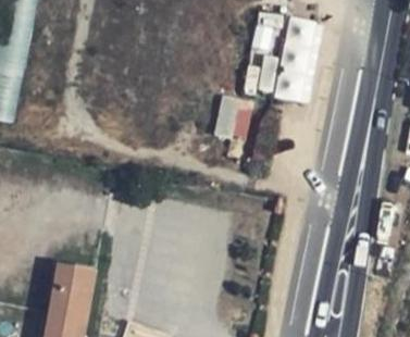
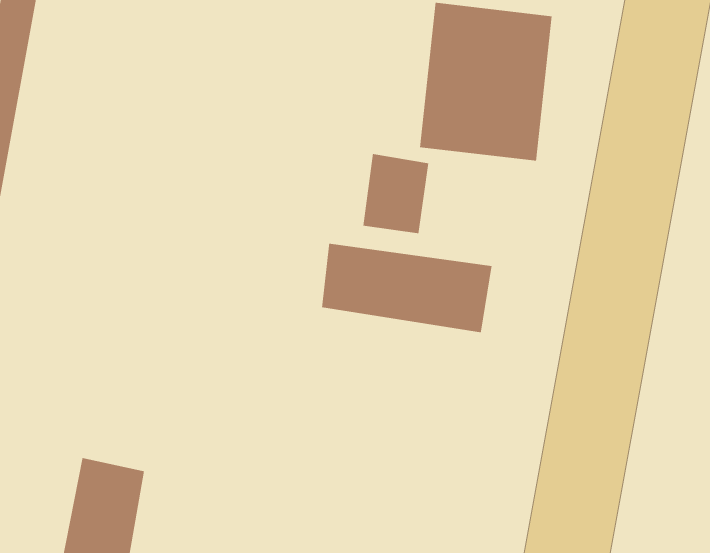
building: none -> [321,243,492,333]

